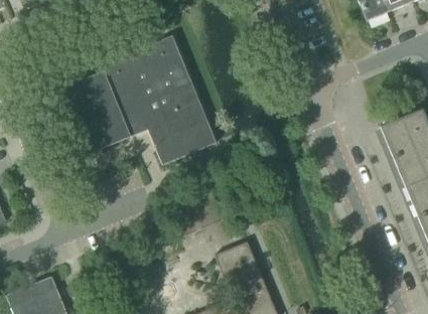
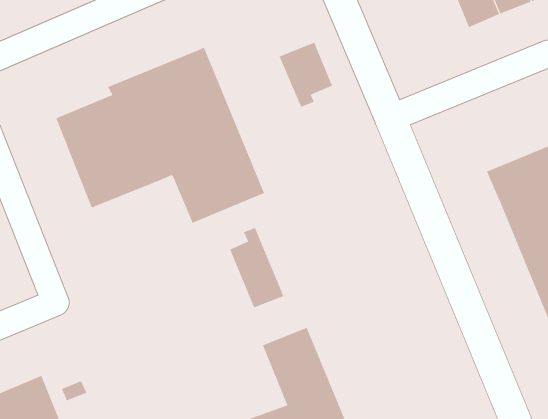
building: none -> [279,42,333,108]
building: none -> [229,227,284,308]

